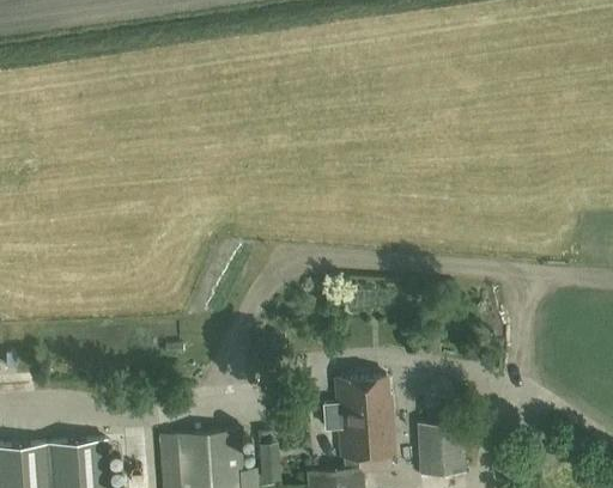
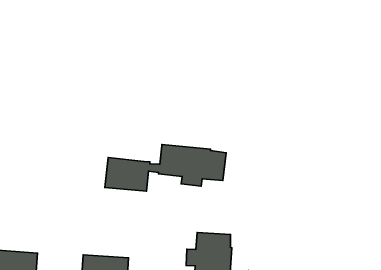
building: none -> [105,145,226,191]

